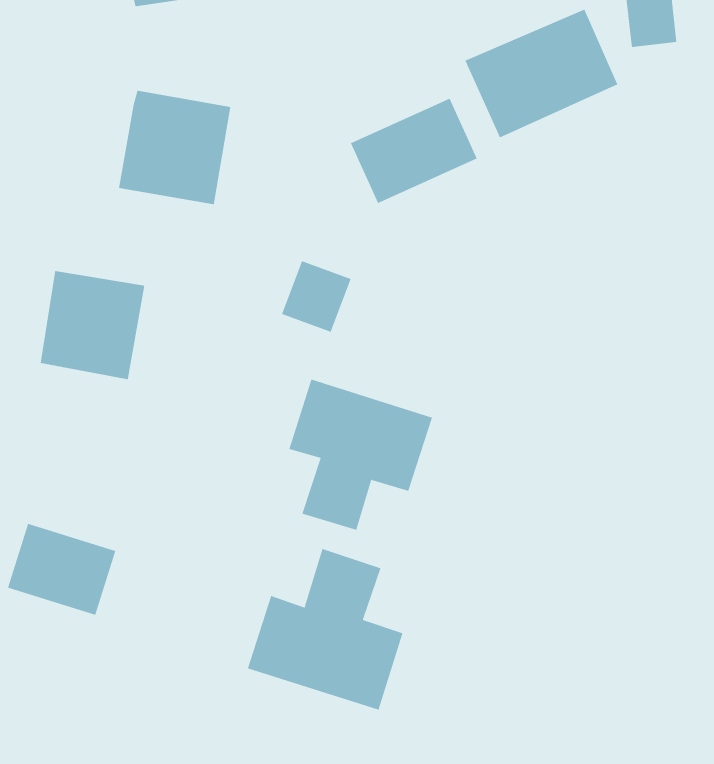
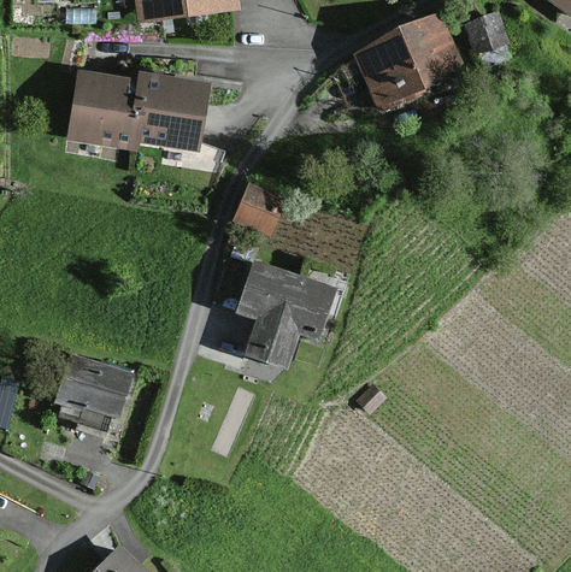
building: [350,98,477,204] -> none
building: [40,271,145,380] -> [71,75,140,146]
building: [247,548,403,711] -> none

